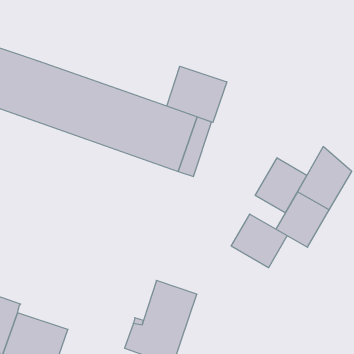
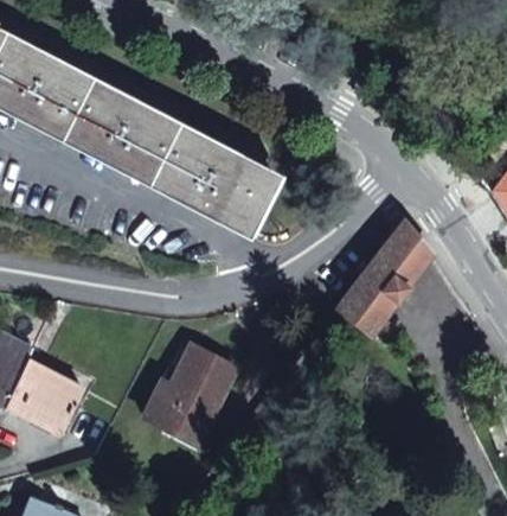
building: [167,66,227,122] -> none
building: [255,158,307,213] -> none
building: [231,214,287,268] -> none

